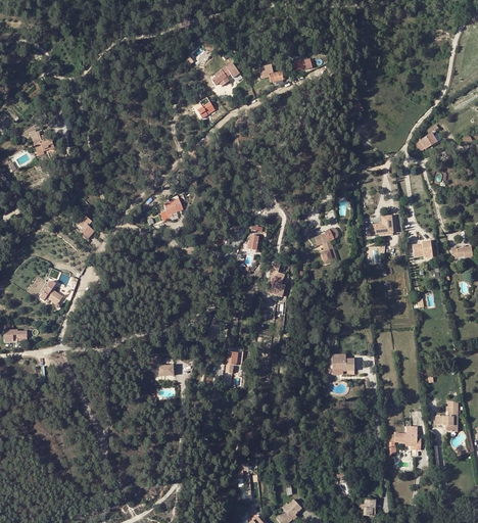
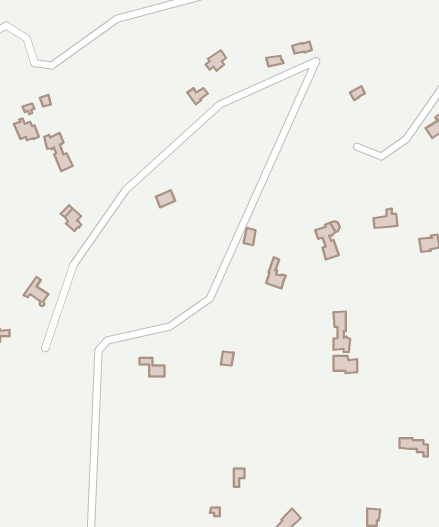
building: none -> [44,133,73,171]
building: none -> [333,312,350,352]

